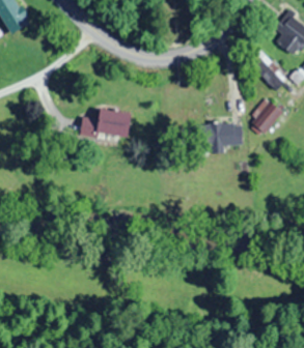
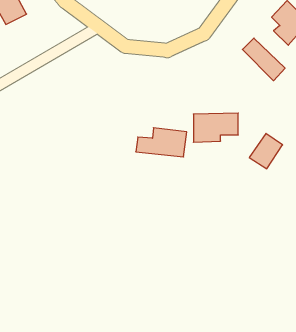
building: [249,98,282,134] -> [249,133,283,169]
building: [80,108,131,137] -> [136,128,187,157]

